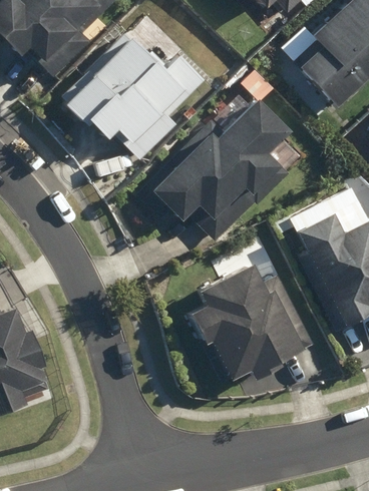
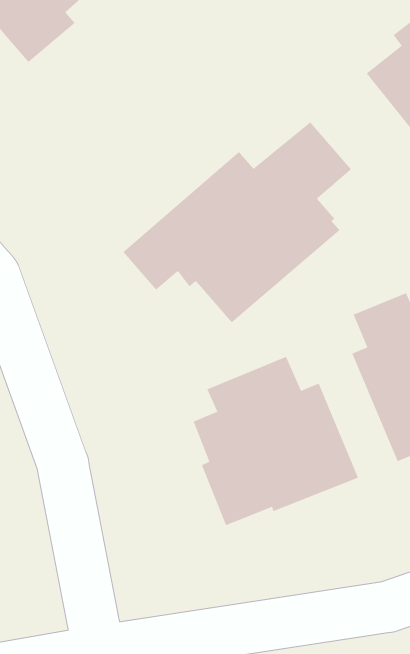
building: [63,33,205,159] -> none

